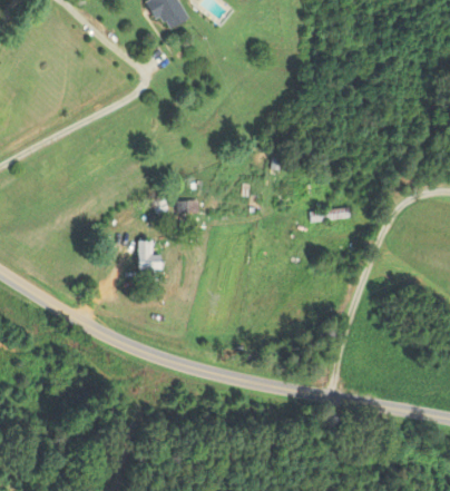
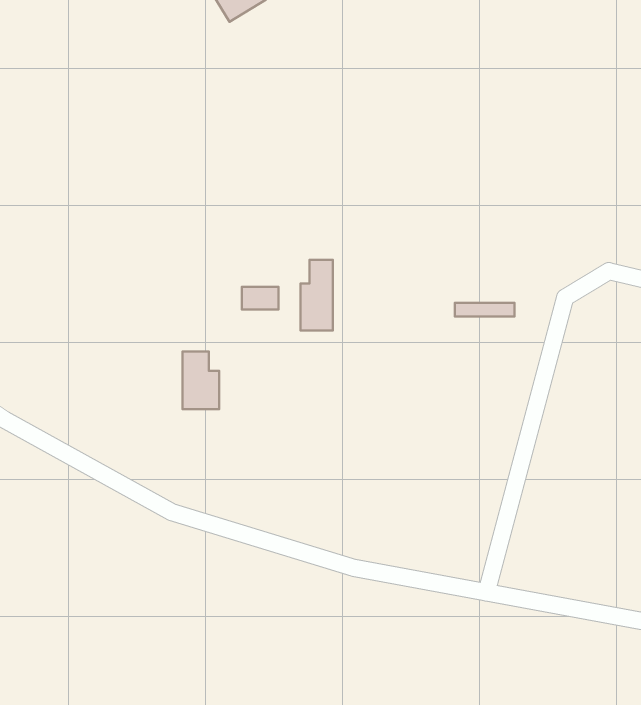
building: none -> [300,260,333,331]

